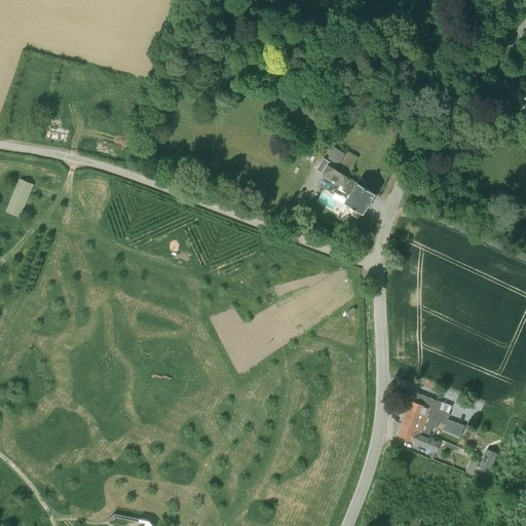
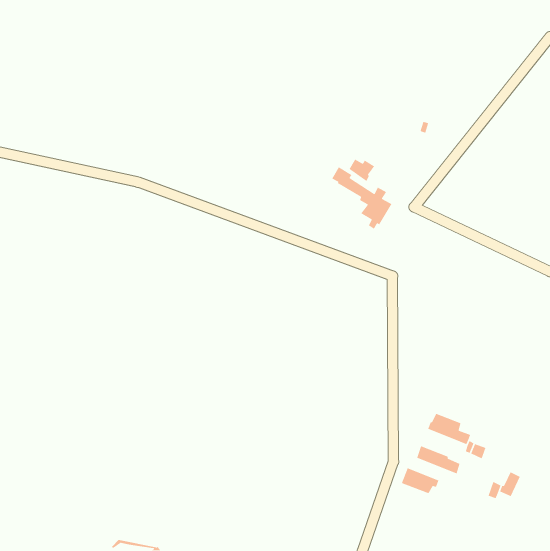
building: [5,179,33,218] -> none
building: [401,409,438,435] -> [401,467,440,494]

